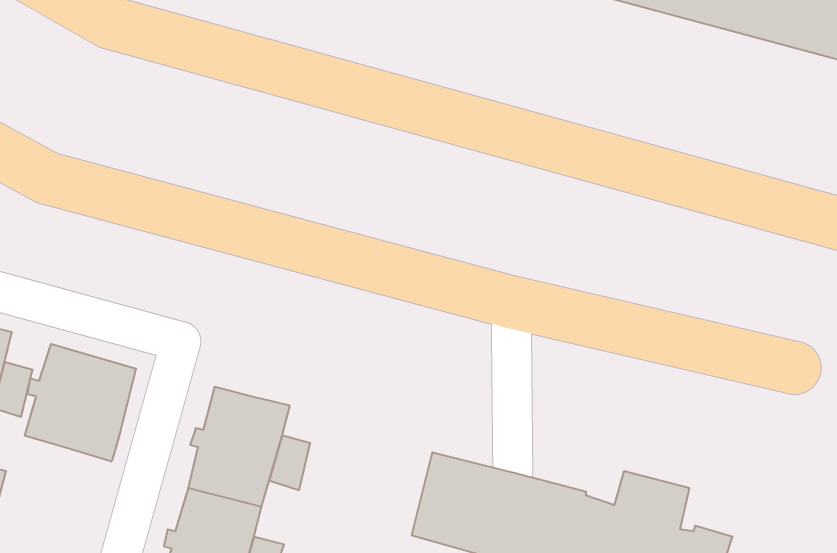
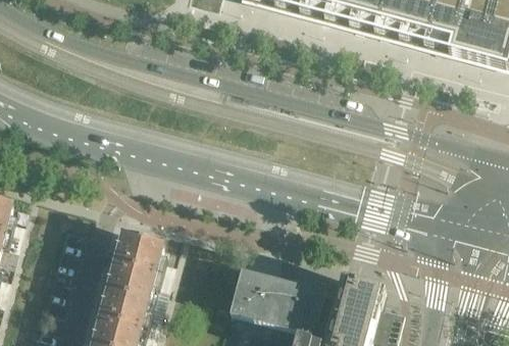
building: [25,344,136,462] -> none

